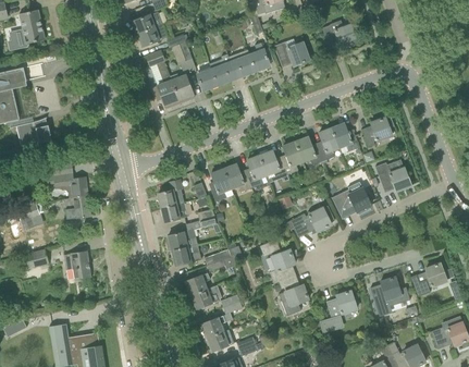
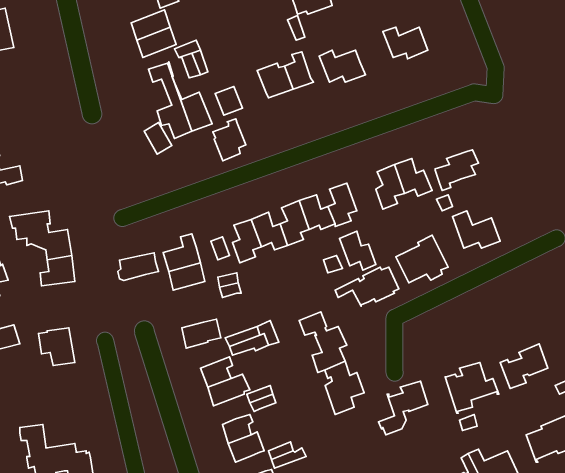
building: [209,53,234,85] -> [213,119,246,161]
building: [295,136,322,166] -> [340,231,376,270]
building: [166,230,197,250] -> [118,253,158,280]

